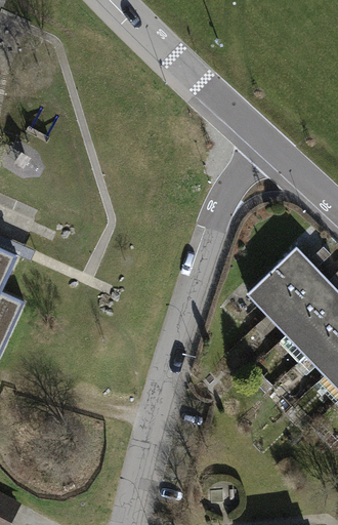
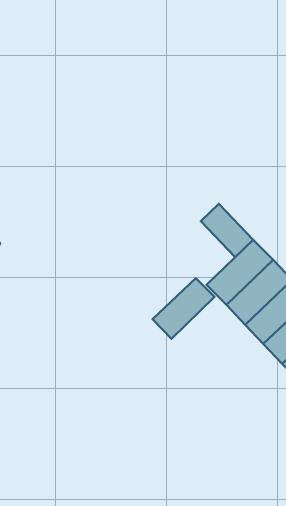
building: none -> [201,204,253,257]
building: none -> [153,278,215,339]

